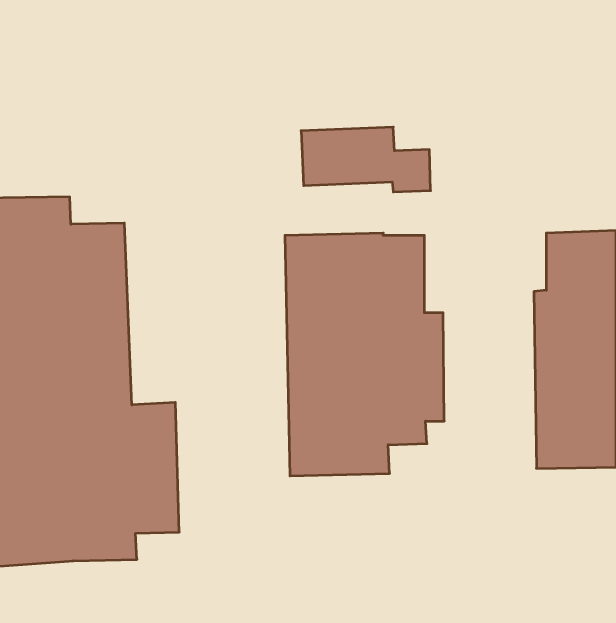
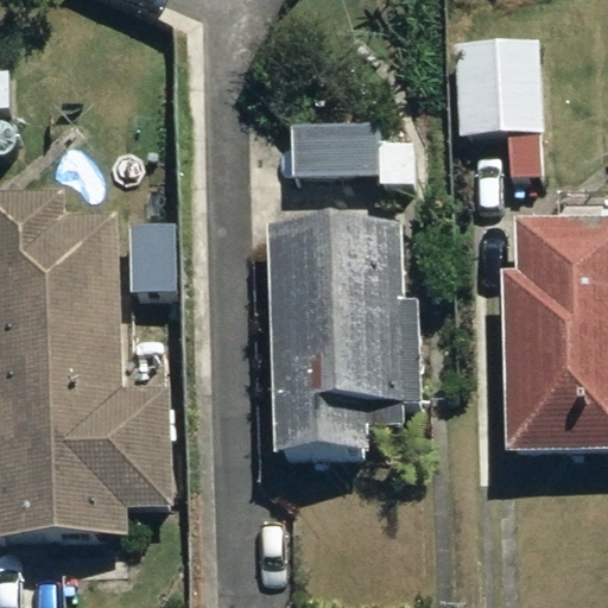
building: none -> [448,36,543,177]

